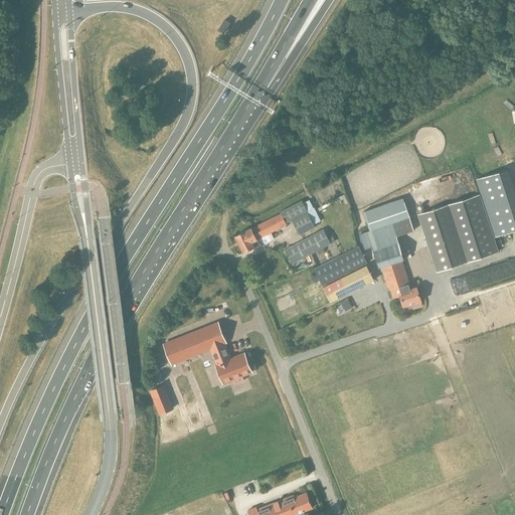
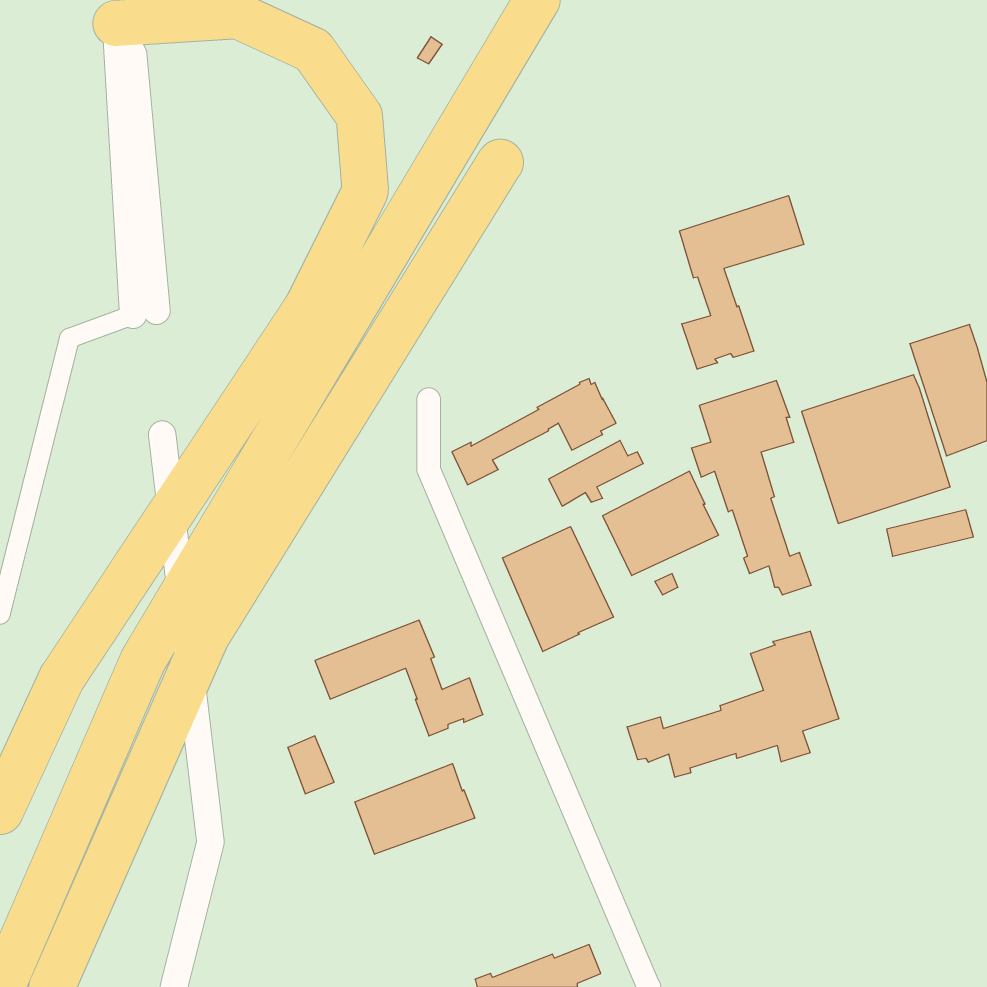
building: none -> [679,196,804,369]
building: none -> [503,527,613,652]
building: none -> [627,631,839,777]
building: none -> [355,764,475,854]

